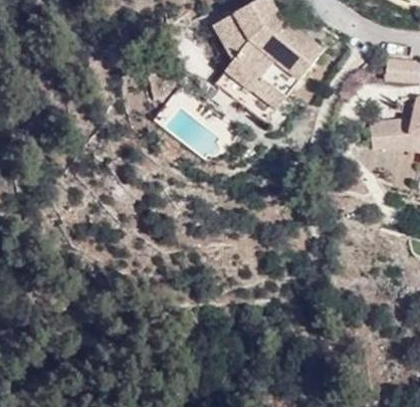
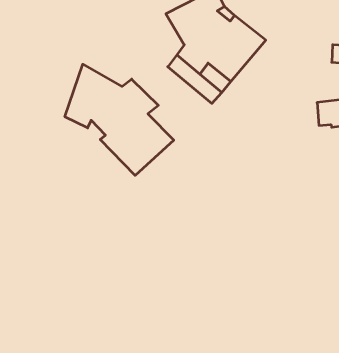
building: none -> [65,64,174,175]

